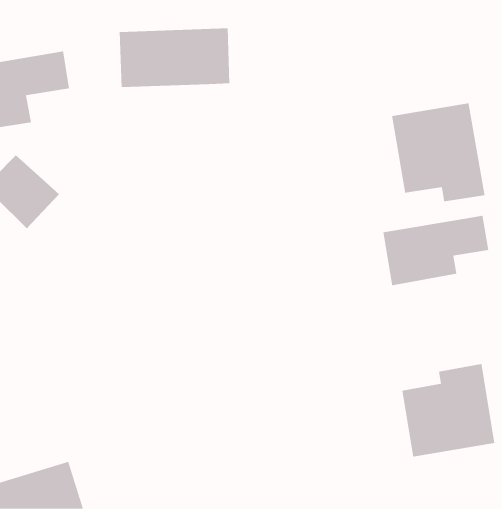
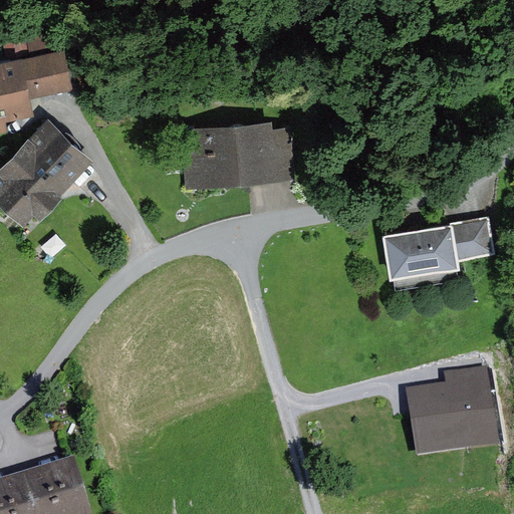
building: [119,28,230,88] -> [182,123,294,184]
building: [391,102,485,202] -> none
building: none -> [16,118,94,196]

